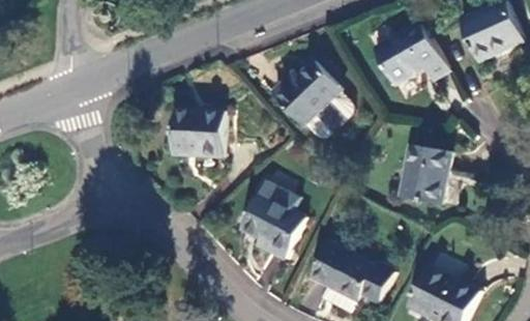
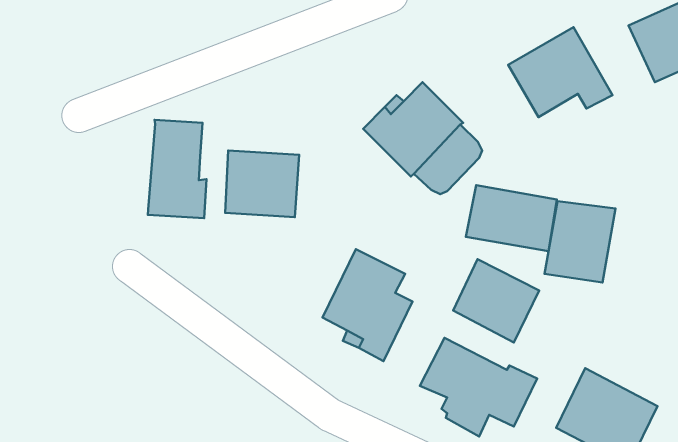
building: none -> [148,120,207,218]
building: none -> [466,185,557,251]
building: none -> [453,259,539,343]

